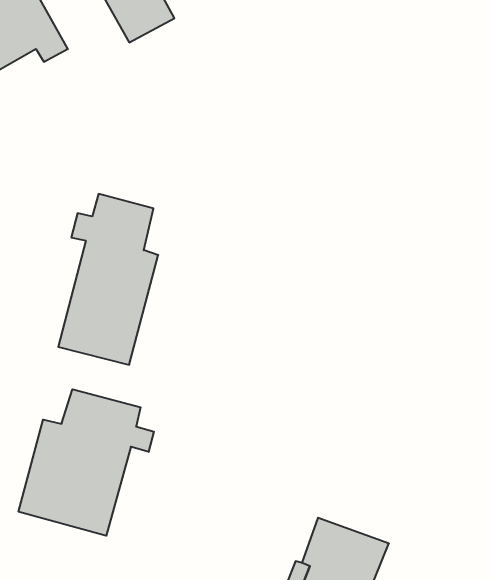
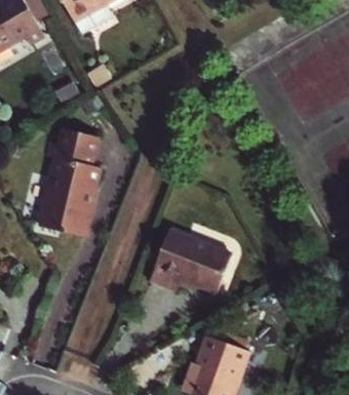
building: none -> [152,233,234,295]
building: [19,389,154,536] -> none

